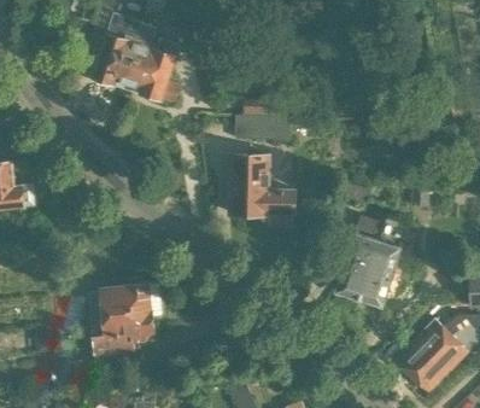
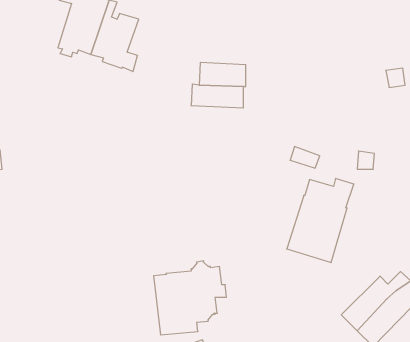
building: [229,153,294,226] -> none
building: [88,275,165,354] -> [154,261,226,335]

